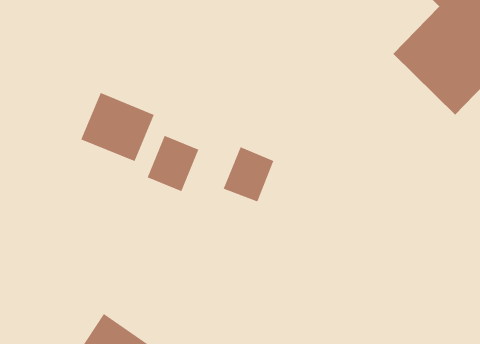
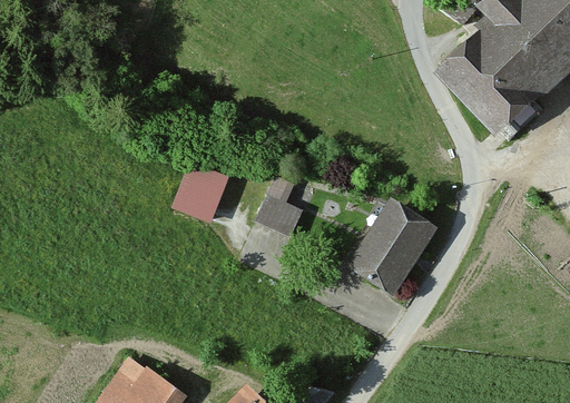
building: [81,92,154,162] -> none
building: none -> [347,198,436,295]

